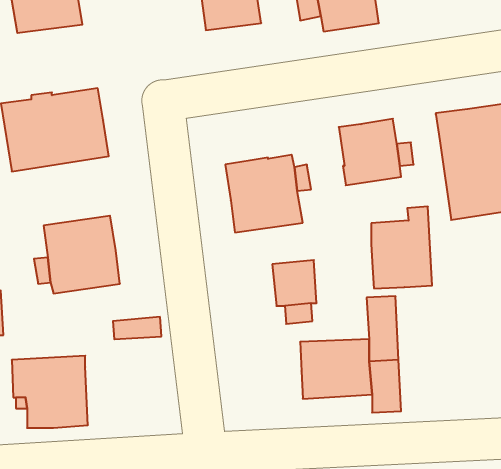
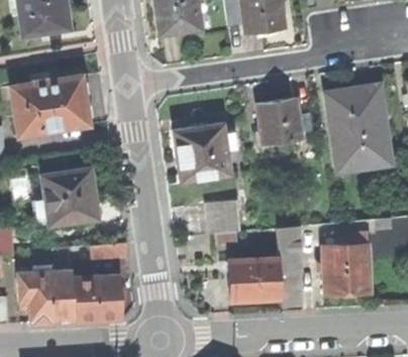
building: [371,207,432,288] -> [324,234,369,293]
building: none -> [72,275,120,320]

